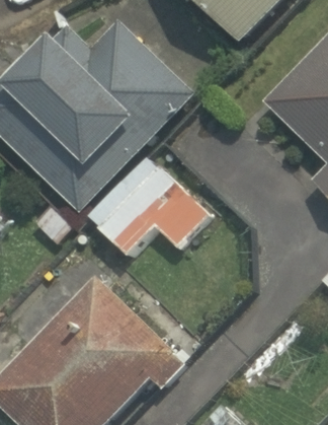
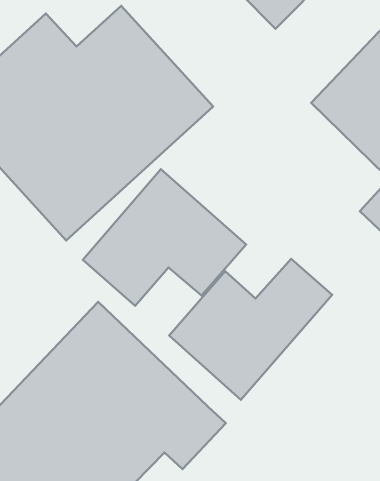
building: none -> [169,259,332,400]

